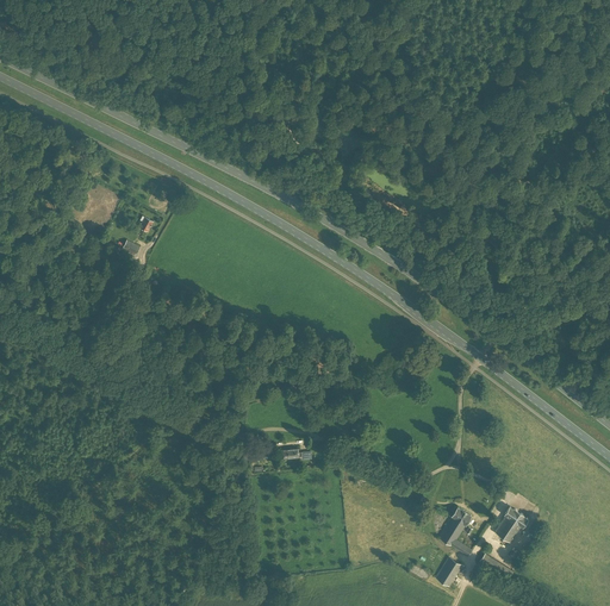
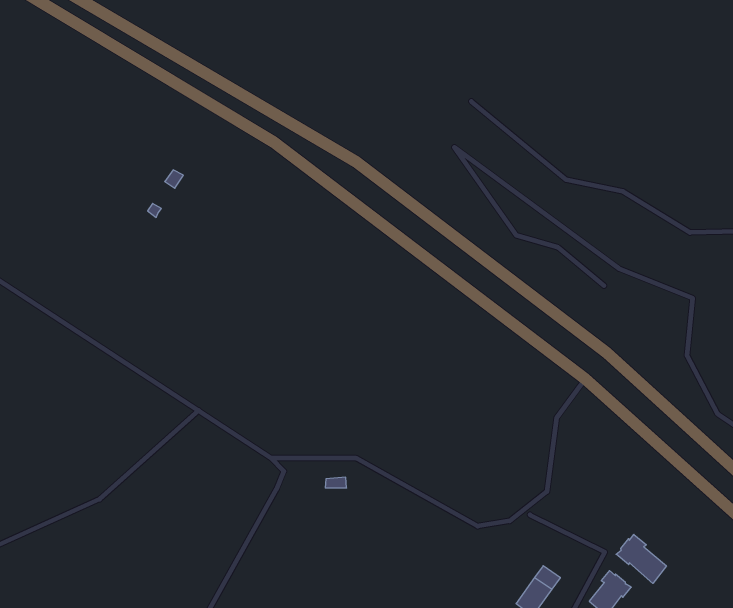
building: none -> [616,534,666,583]

